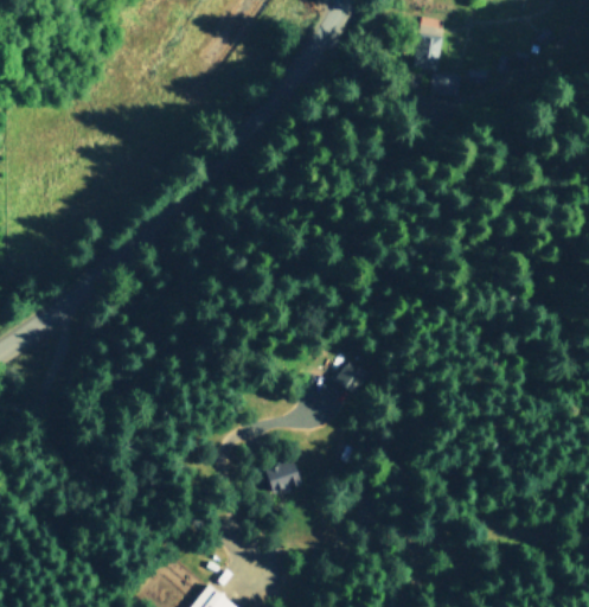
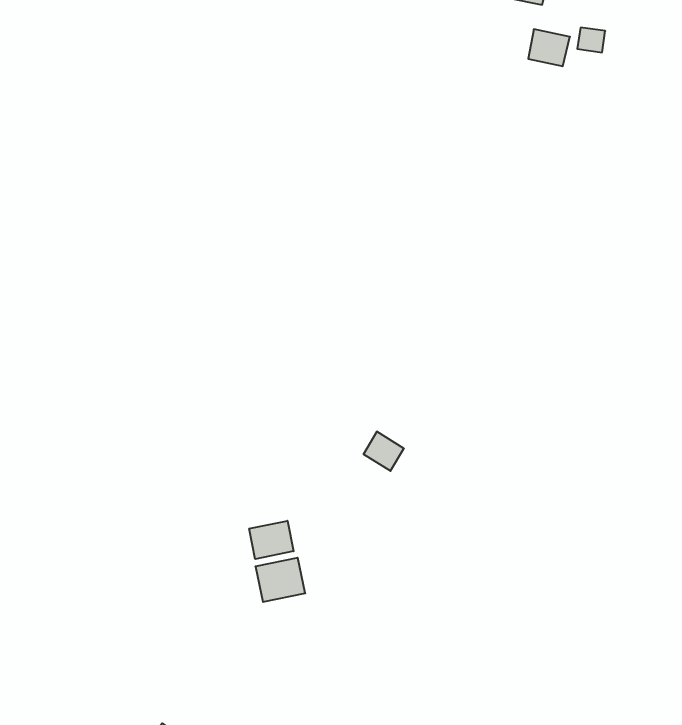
building: none -> [249,521,294,559]

